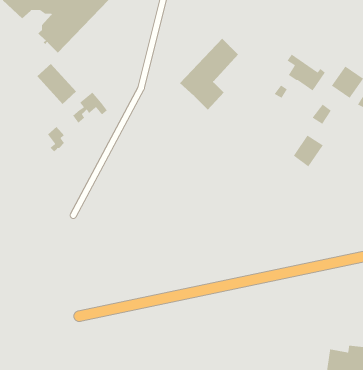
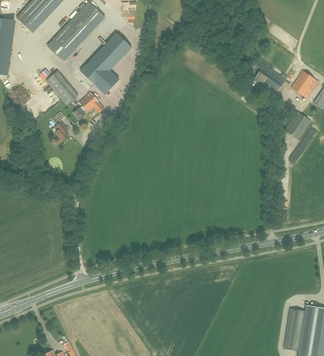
building: [179,38,239,110] -> [81,33,131,94]
building: [293,134,324,168] -> [285,111,311,139]

